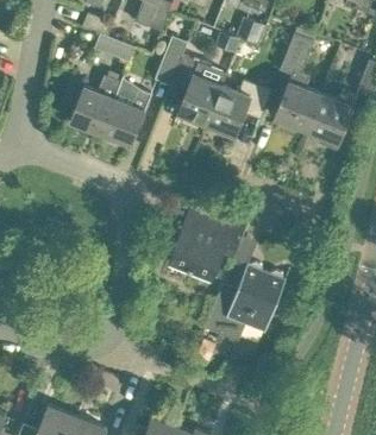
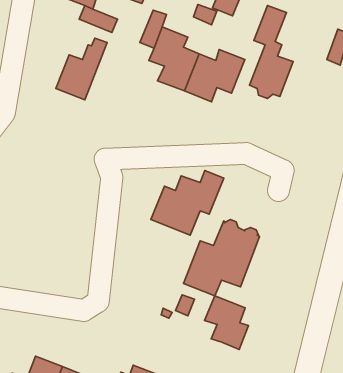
building: [100,72,151,145] -> none
building: [307,89,357,146] -> none
building: none -> [205,296,249,350]

